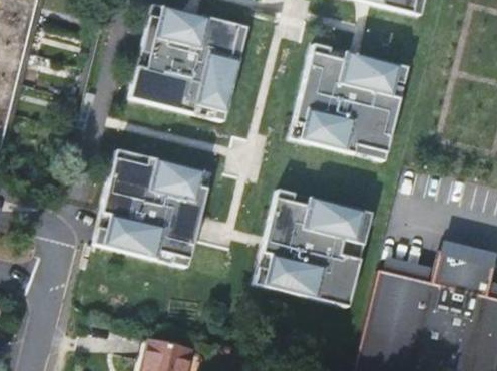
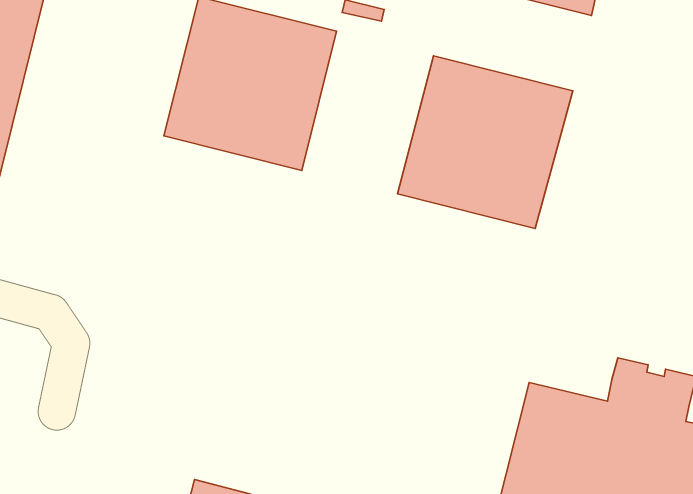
building: [91,149,210,268] -> none
building: [254,190,372,309] -> none

